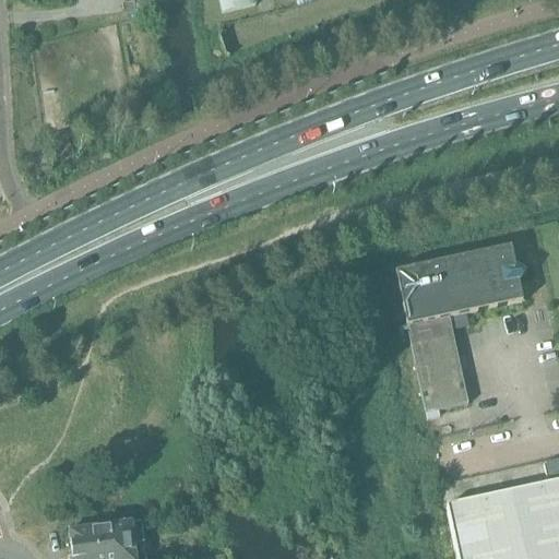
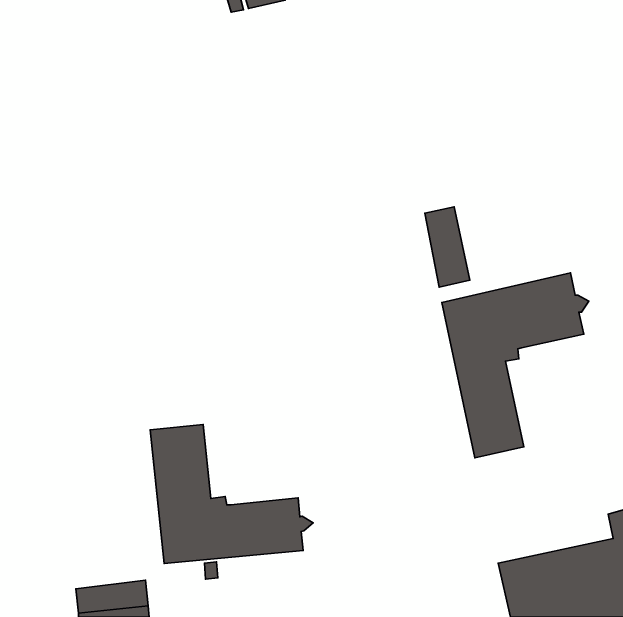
building: none -> [425,207,470,287]
building: none -> [150,425,313,564]

